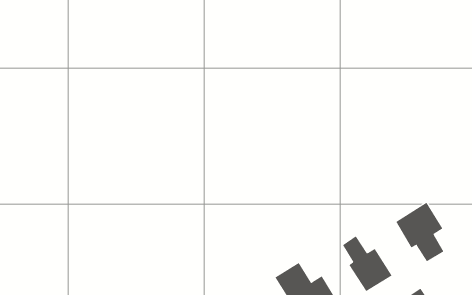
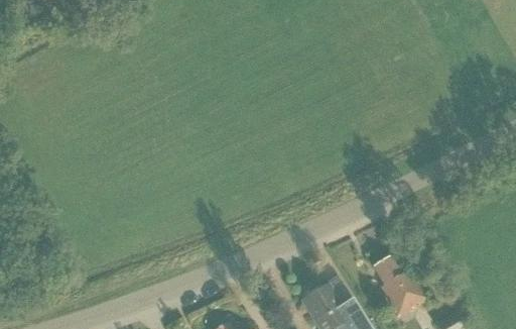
building: [395,202,444,262] -> none

